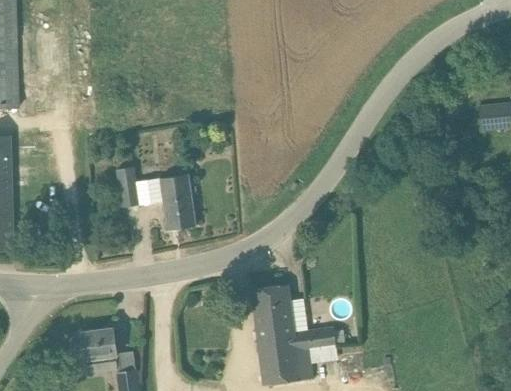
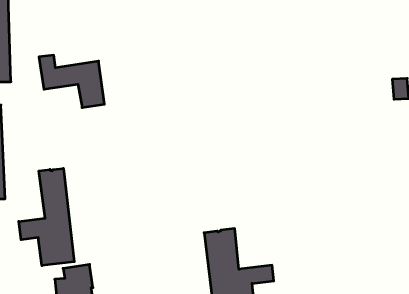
building: [117,167,196,230] -> [39,55,104,108]
building: none -> [19,168,74,266]

